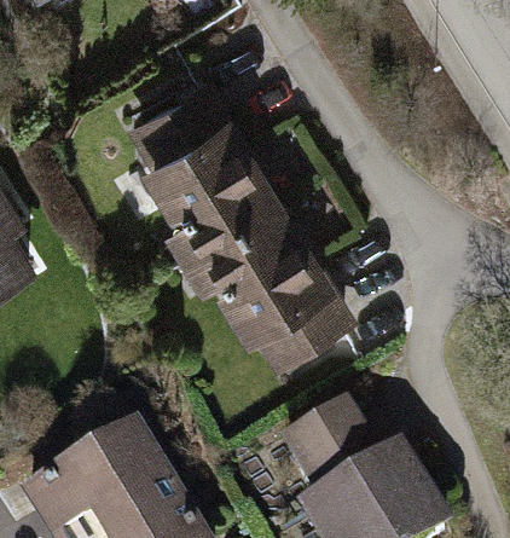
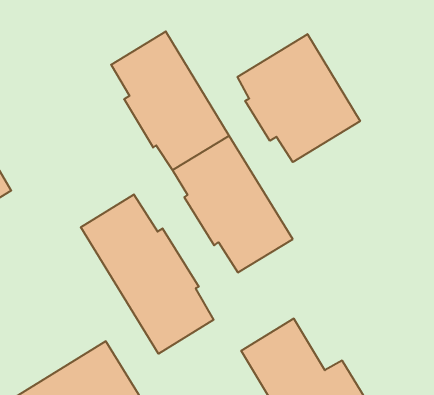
building: none -> [238,34,360,162]
building: none -> [81,194,214,354]

